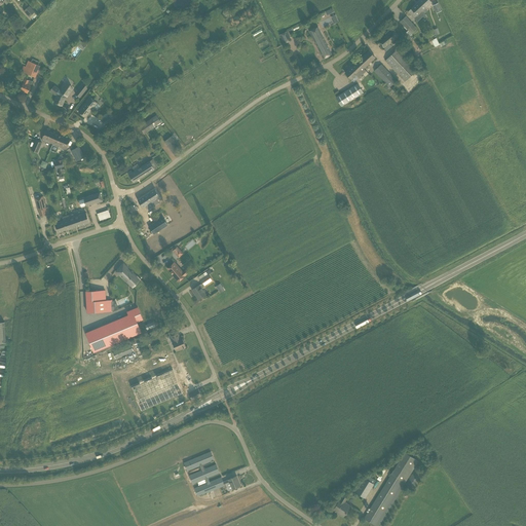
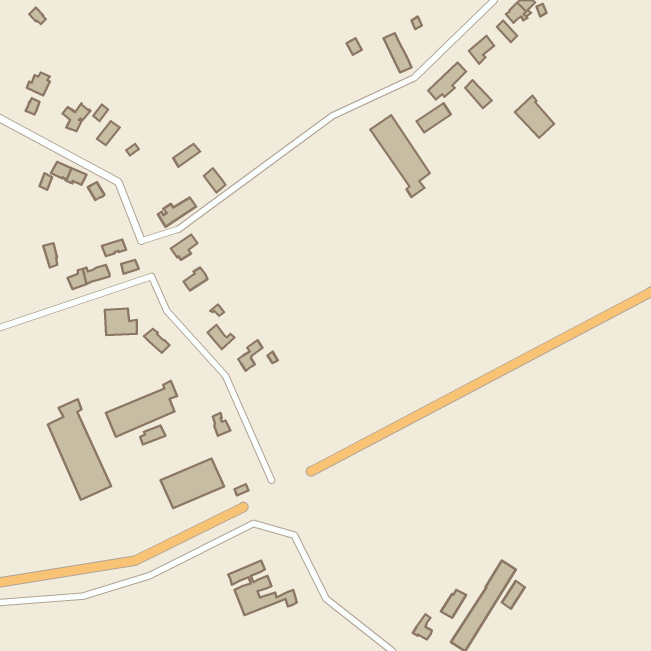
building: [385,47,417,81] -> [515,96,554,138]
building: none -> [370,115,430,197]
building: [86,291,112,312] -> [105,308,137,335]
building: none -> [48,399,111,500]

